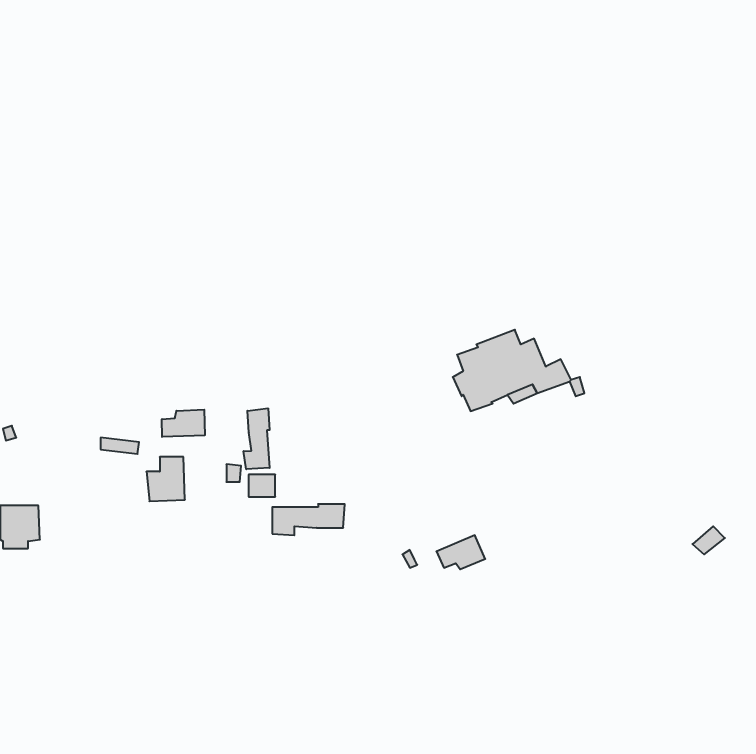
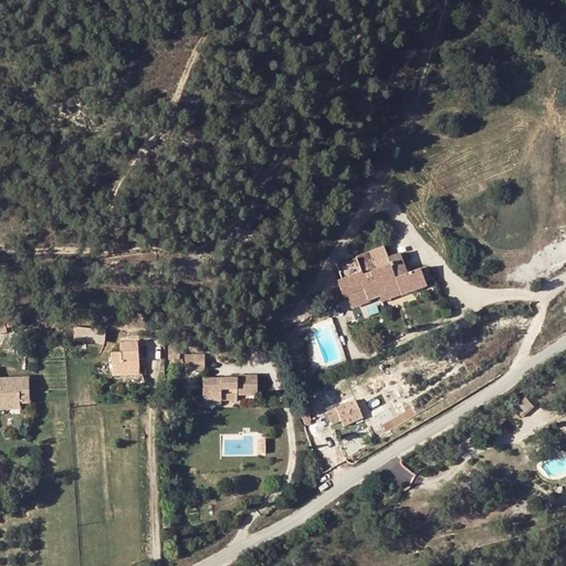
building: [244,408,270,469] -> none
building: [162,410,205,437] -> none

